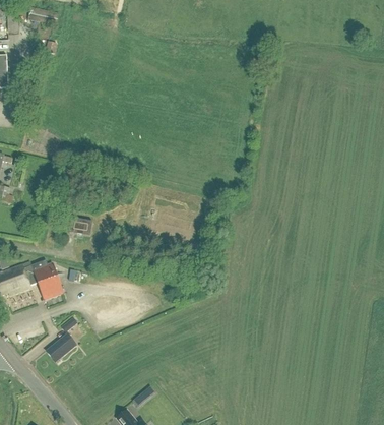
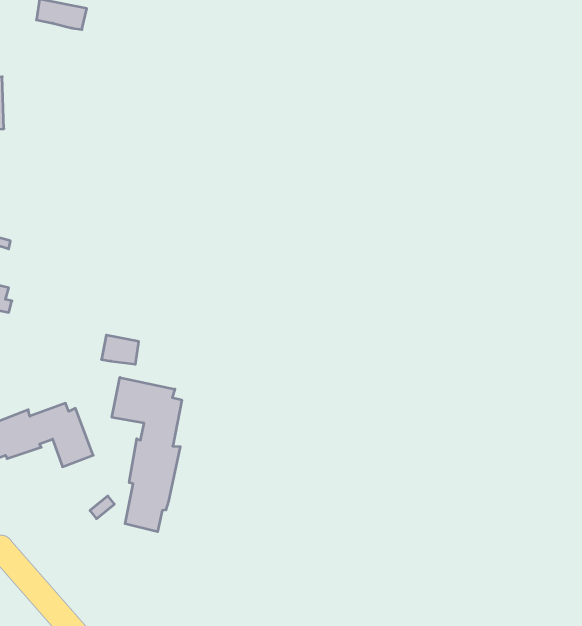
building: none -> [112,377,182,532]
building: [46,333,76,361] -> none

